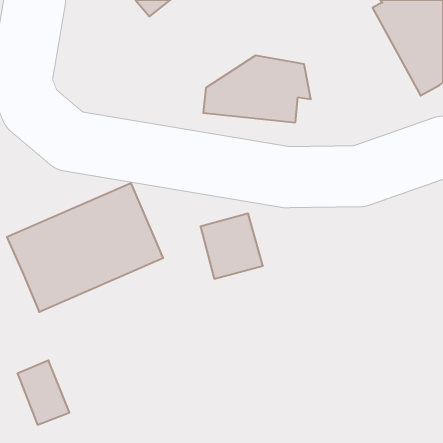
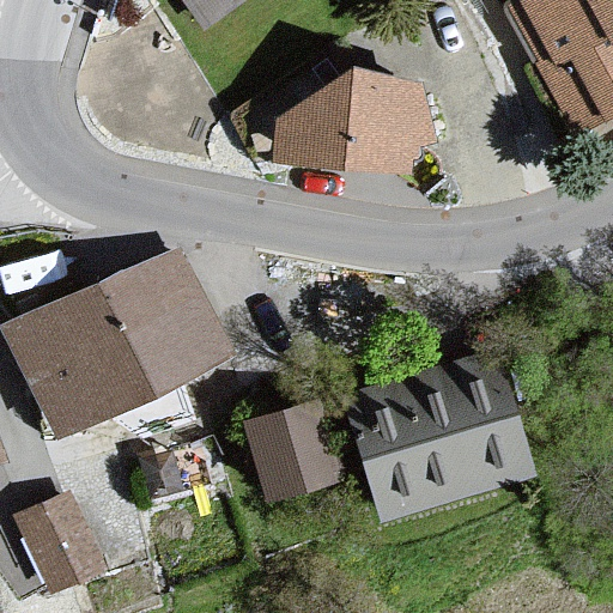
building: [200,214,263,279] -> [250,406,336,496]
building: none -> [352,358,528,514]

